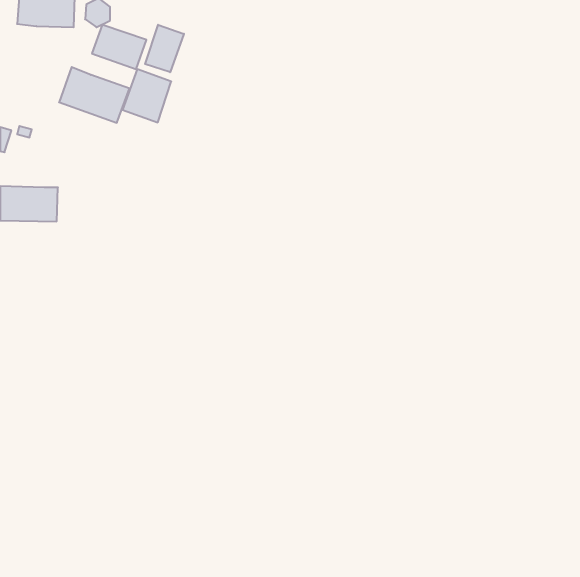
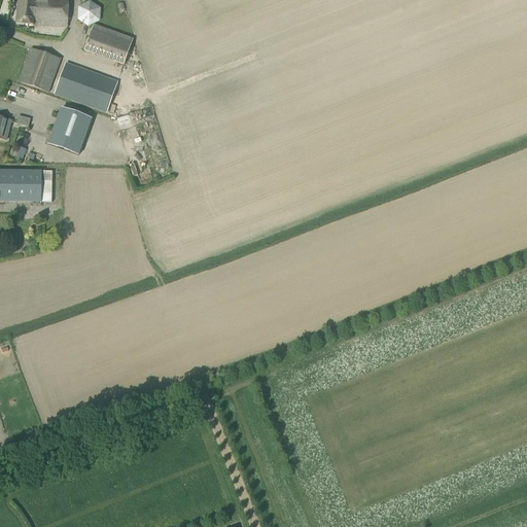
building: [145,25,184,72] -> none
building: none -> [17,46,60,91]
building: [123,69,171,122] -> [46,107,91,155]

